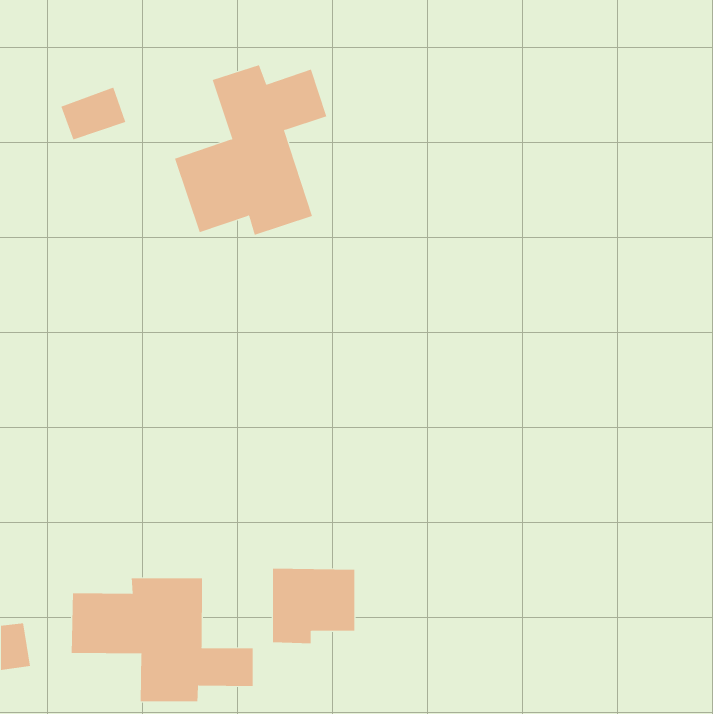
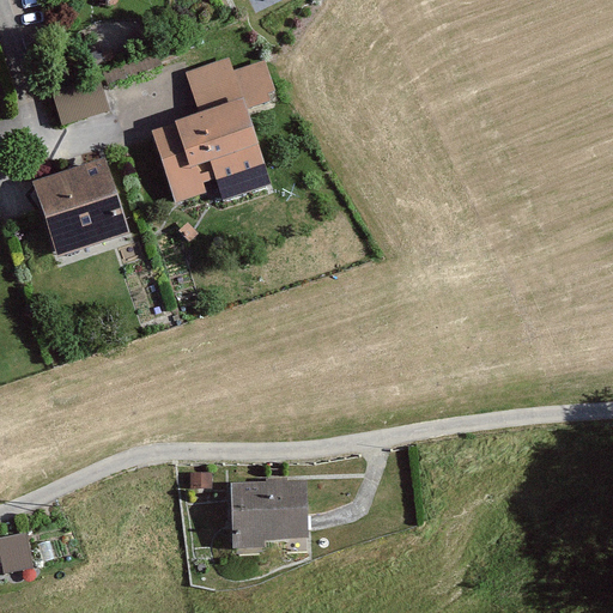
building: none -> [29,158,123,256]
building: [71,577,253,702] -> none

